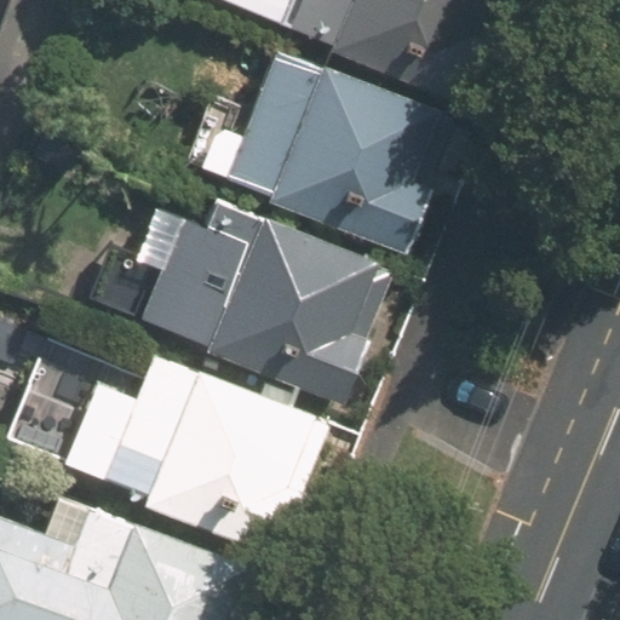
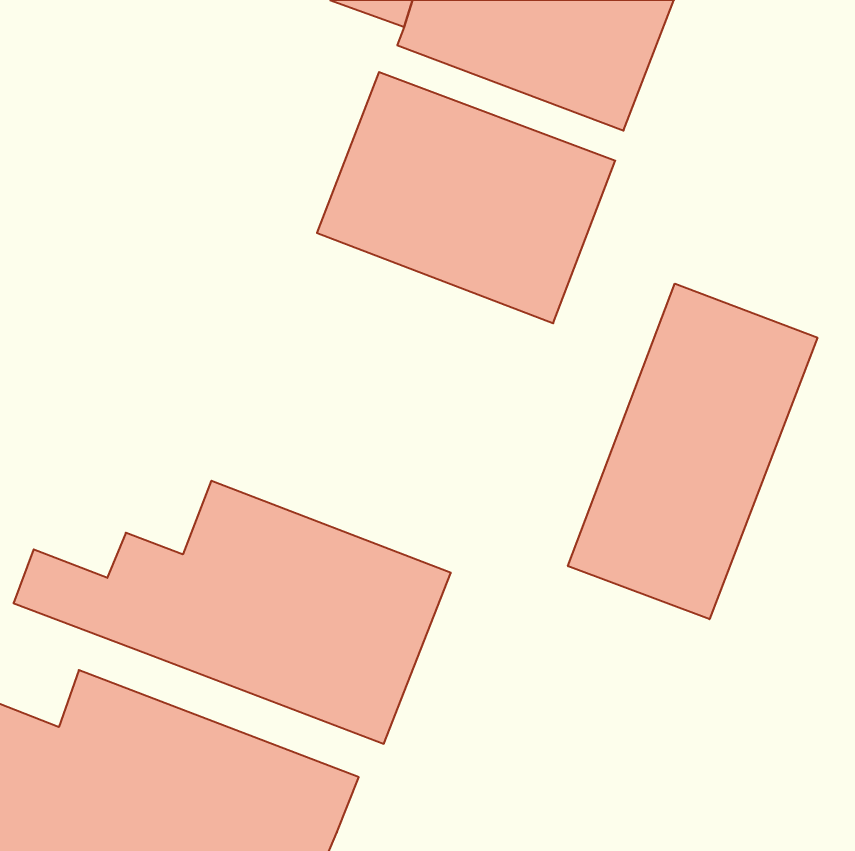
building: [139,201,386,401] -> none
building: none -> [568,284,817,619]

